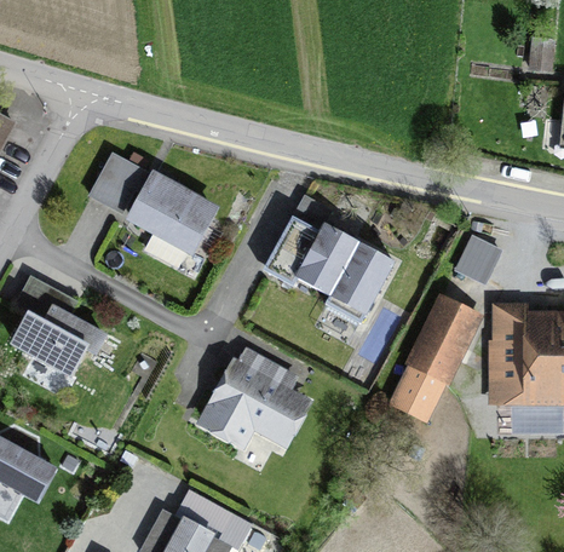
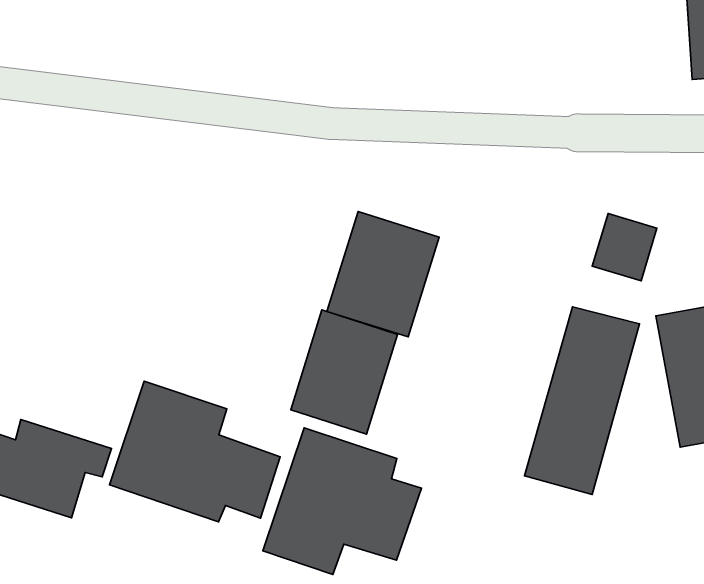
building: [86,148,223,259] -> none
building: [322,232,403,322] -> [291,310,398,434]
building: none -> [109,381,280,522]

